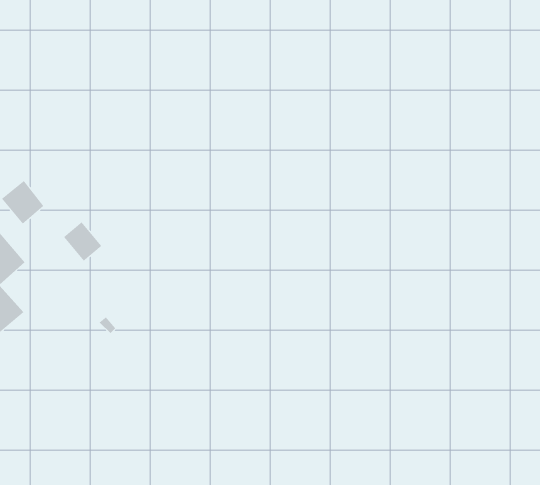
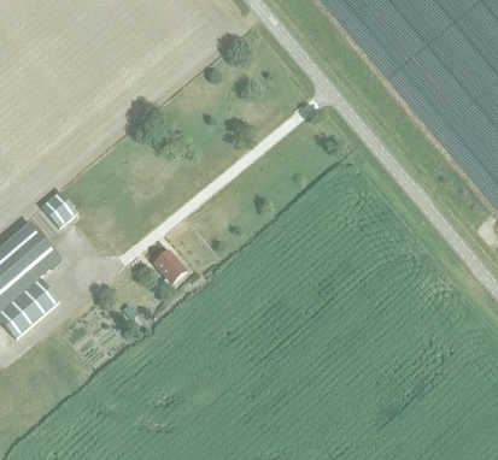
building: [63,221,102,262] -> [151,248,183,282]

